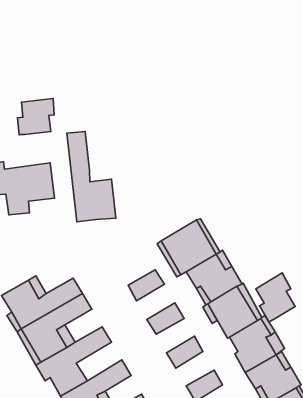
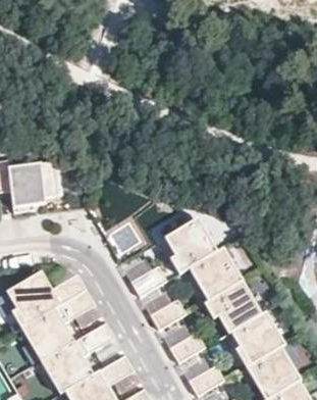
building: [17,98,54,135] -> none
building: [67,132,116,222] -> none
building: [256,273,295,322] -> none

